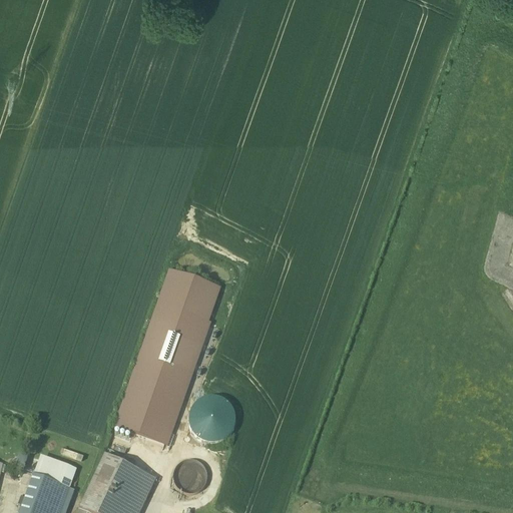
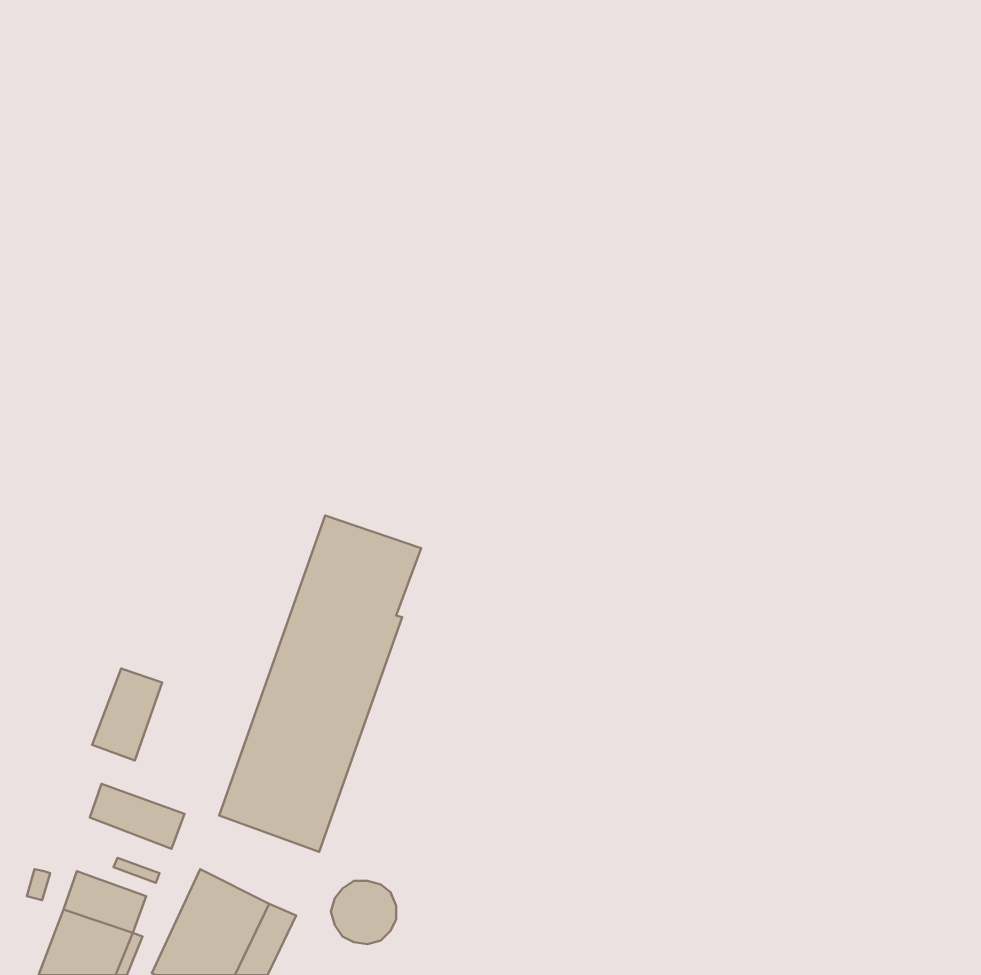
building: none -> [92,668,162,760]
building: [189,396,235,441] -> none
building: none -> [90,784,185,849]

